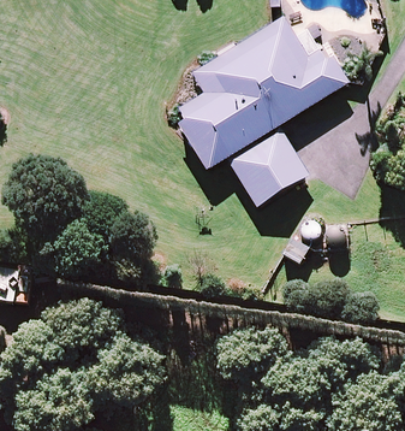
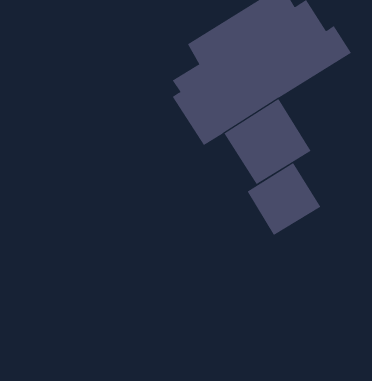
building: none -> [247,162,321,236]

